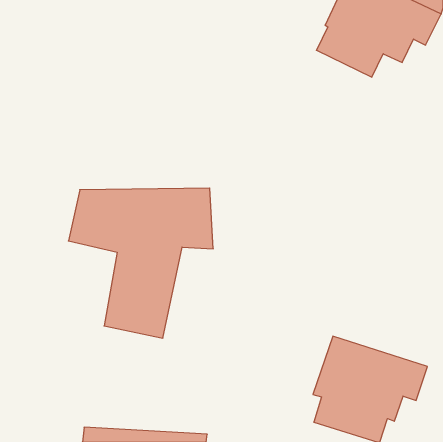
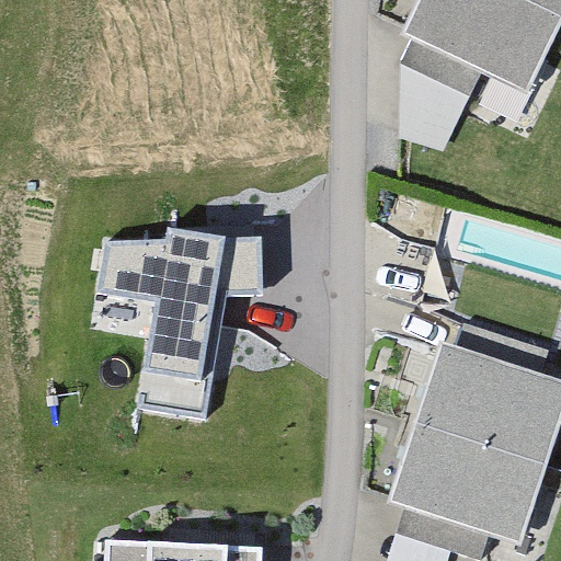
building: none -> [400,64,470,147]
building: none -> [421,323,553,463]

